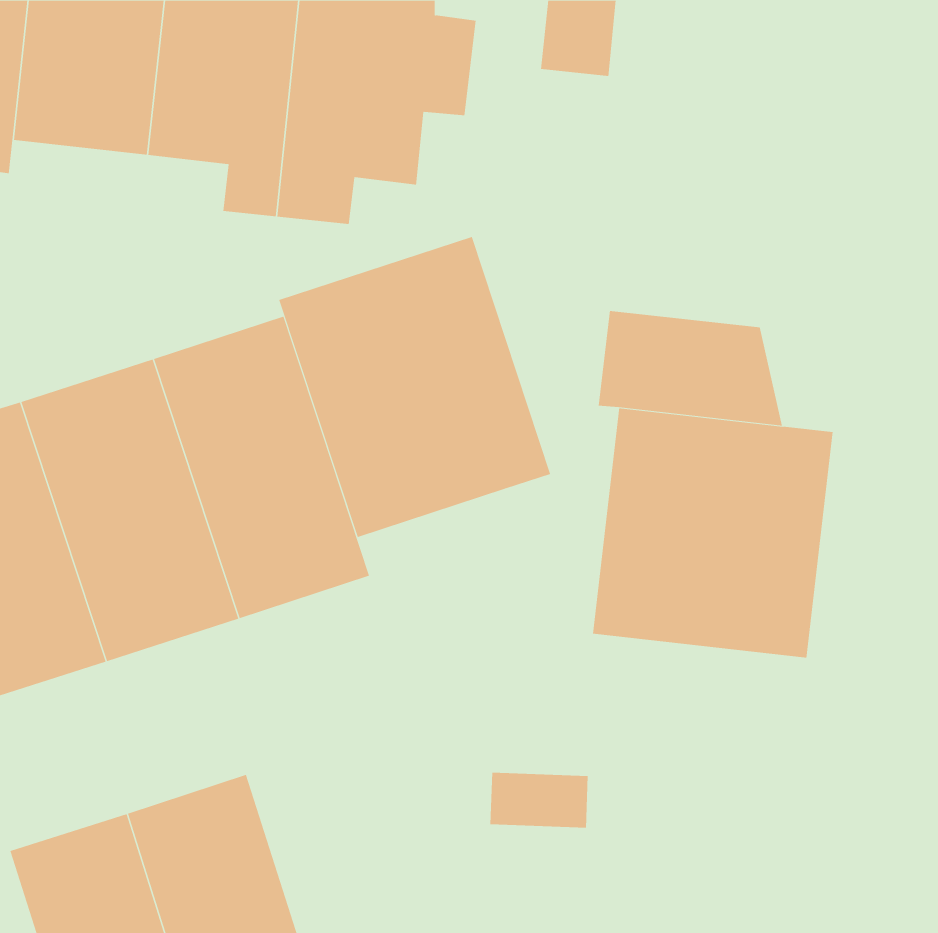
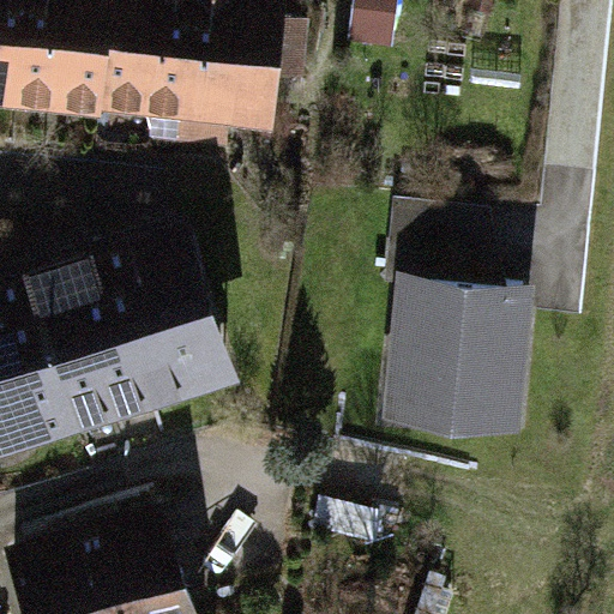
building: [279,236,551,538] -> none

